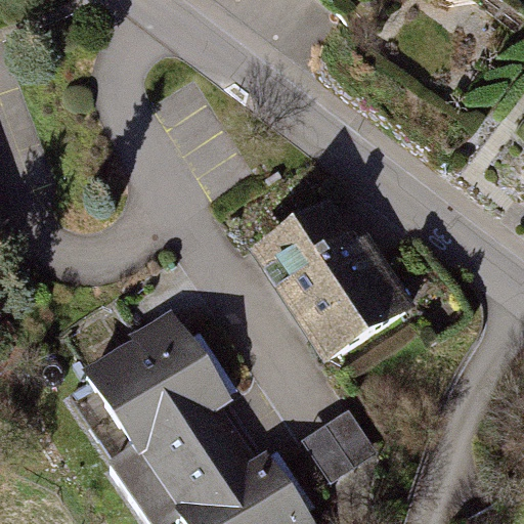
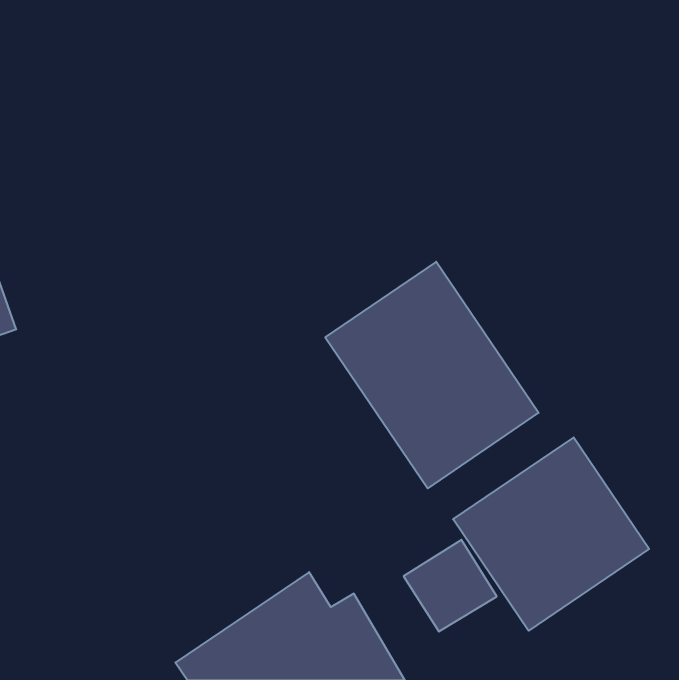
building: [89,285,234,503] -> none
building: none -> [453,437,649,631]

